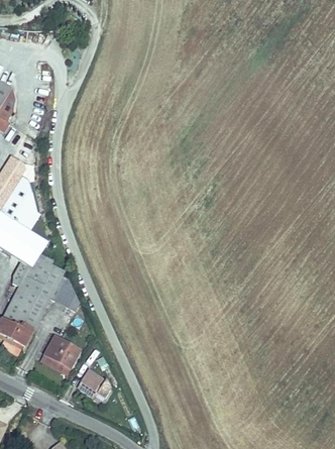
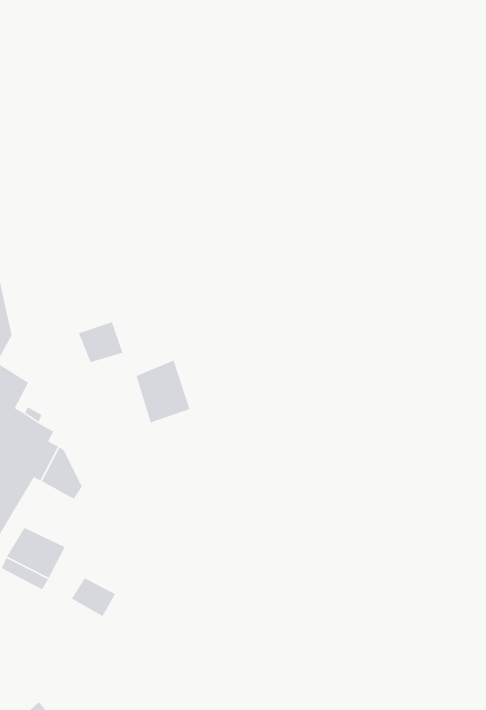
building: none -> [78,321,124,363]
building: none -> [136,360,191,424]

